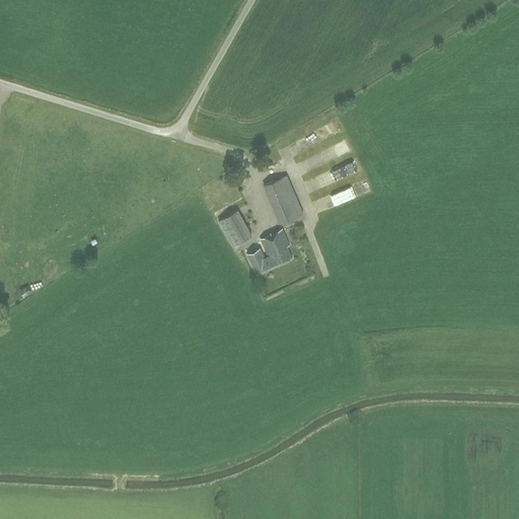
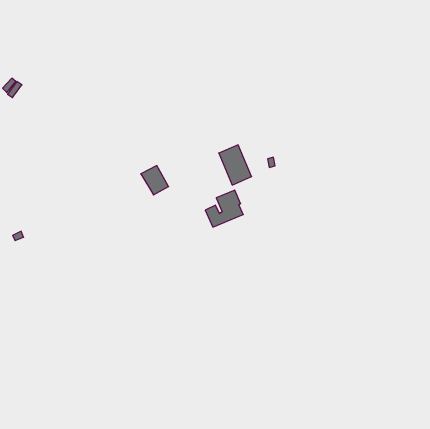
building: [218,211,251,246] -> [141,166,169,195]

